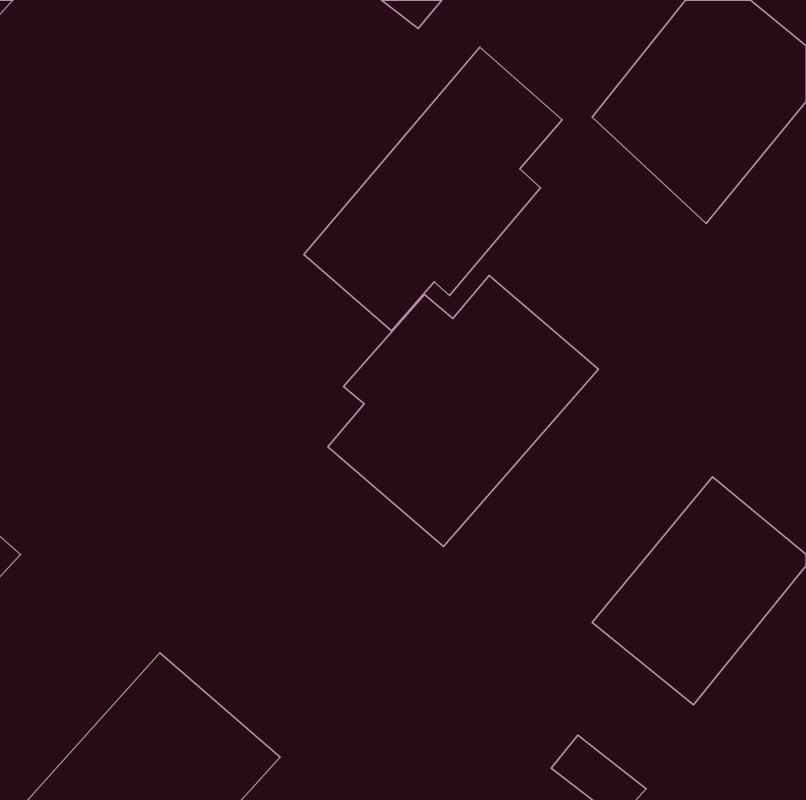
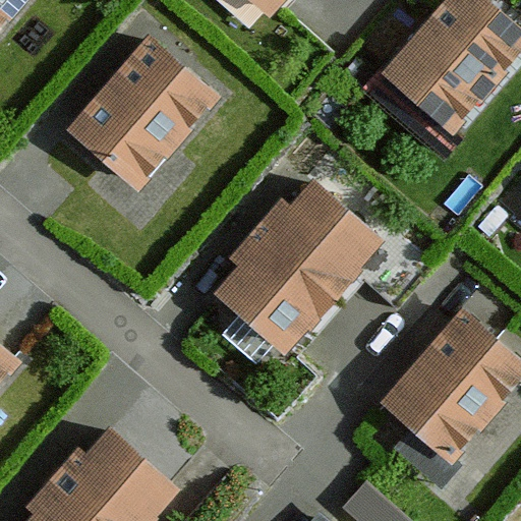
building: [304,47,562,331] -> none
building: none -> [71,37,212,180]

